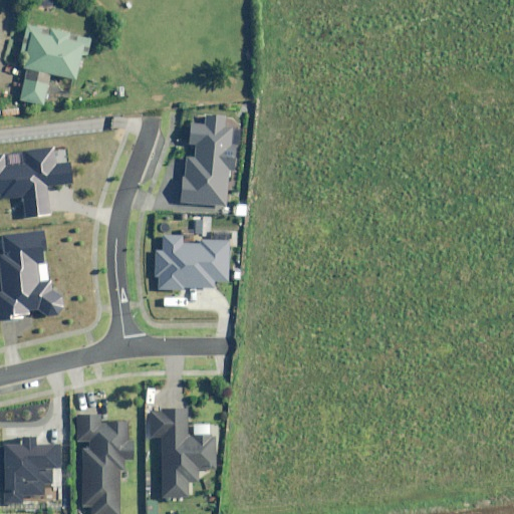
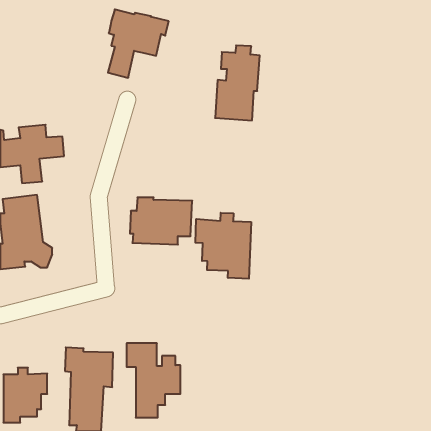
building: [20,22,92,103] -> [108,9,169,78]
building: [181,116,234,206] -> [215,45,260,120]
building: none -> [195,213,251,279]

